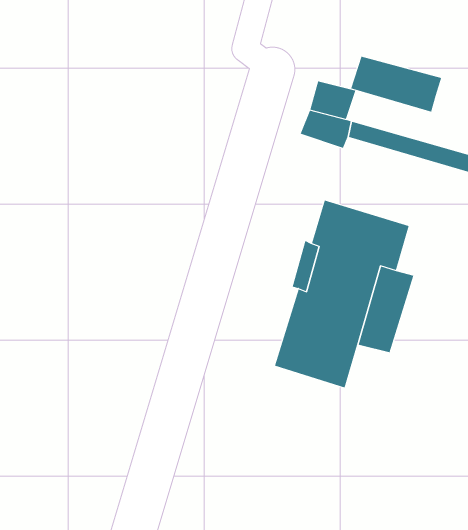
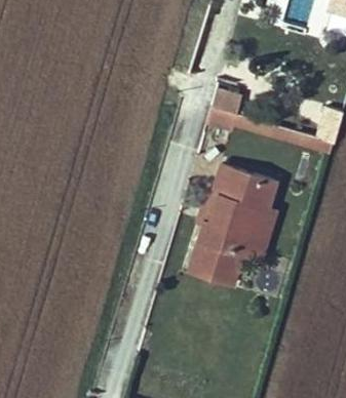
building: [350,56,442,113] -> none

